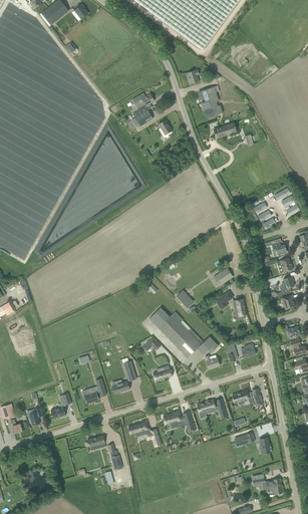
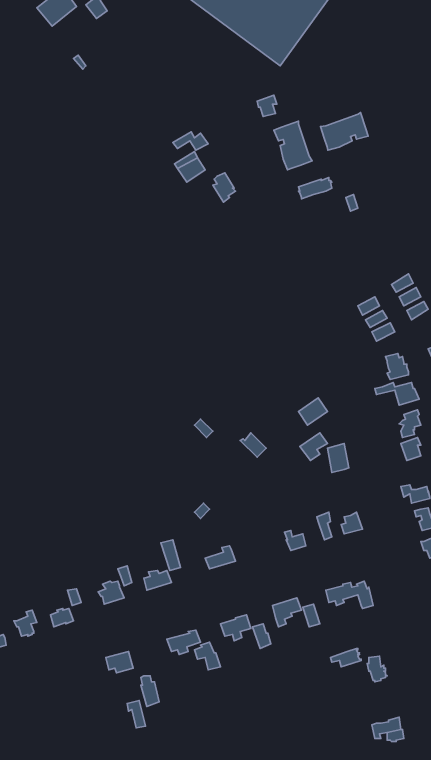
building: none -> [320,112,368,150]
building: [148,306,217,356] -> none

